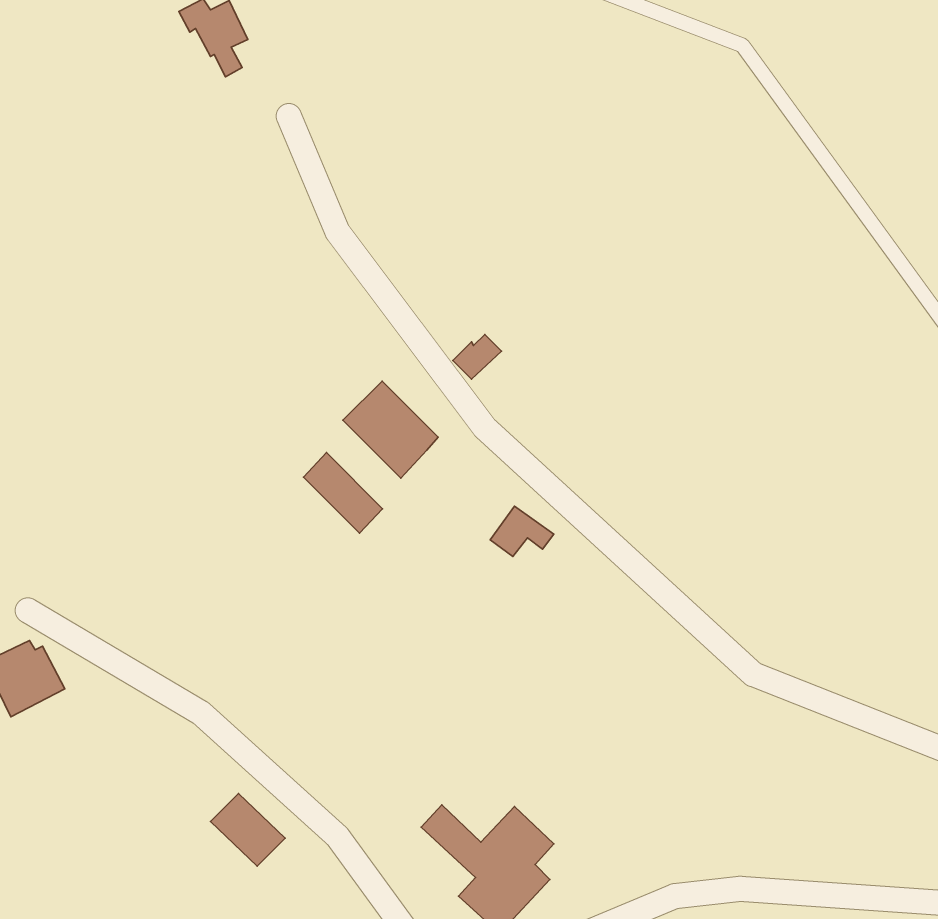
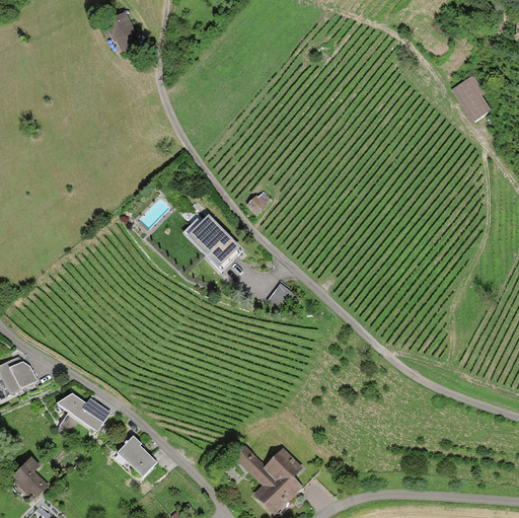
building: none -> [453,76,493,120]
building: [303,453,383,533] -> none
building: none -> [53,392,109,434]
building: none -> [9,455,49,498]

